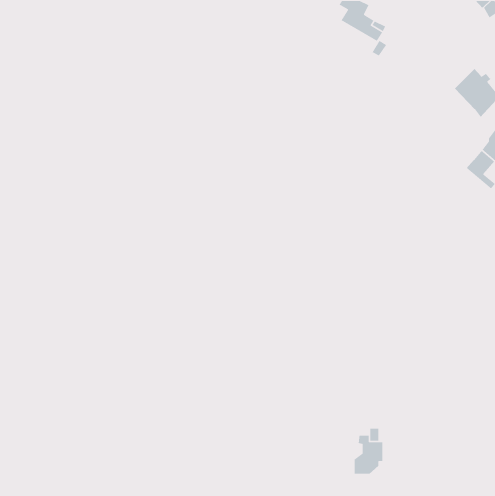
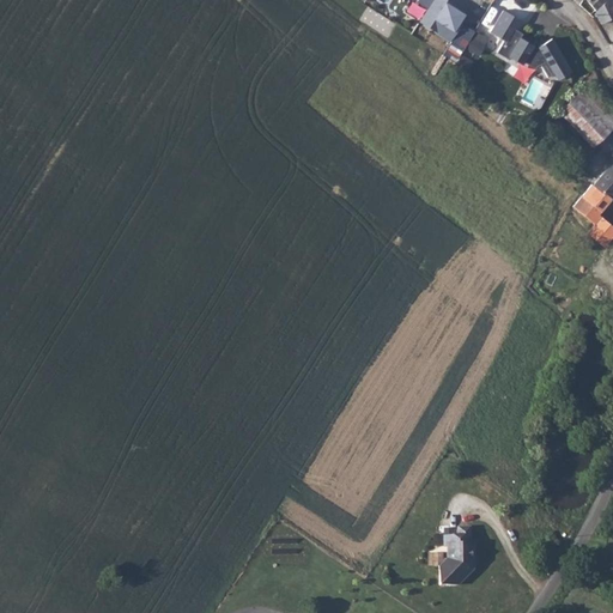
building: none -> [493,11,576,79]

